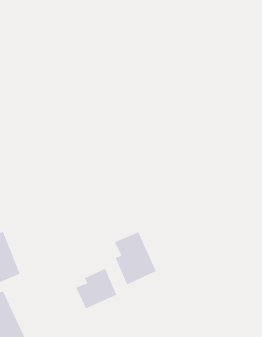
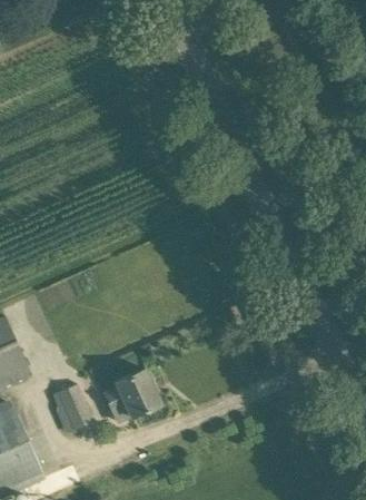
building: [114,231,157,285] -> none
building: none -> [52,379,95,431]

